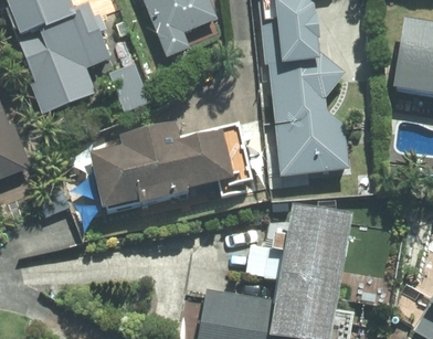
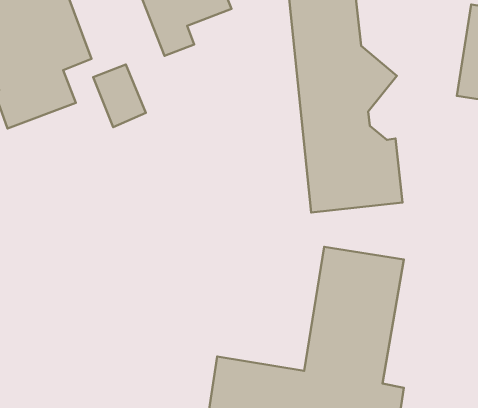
building: [91,120,233,211] -> none

